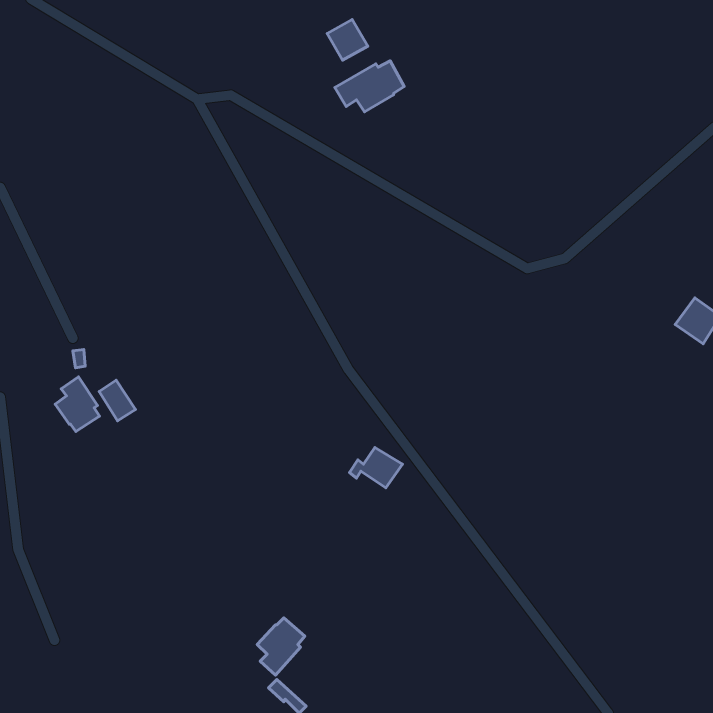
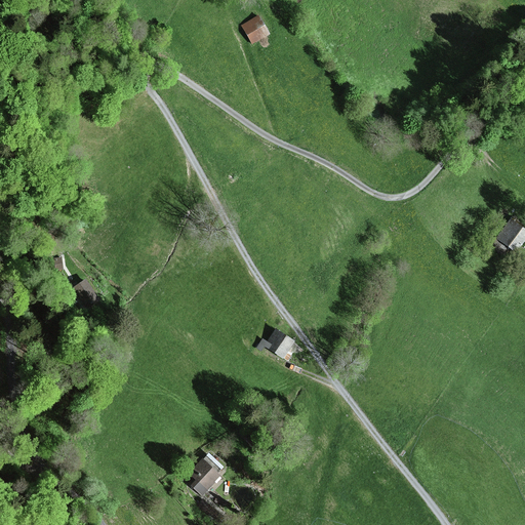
building: [335,61,404,112] -> none
building: [55,377,99,431] -> none

